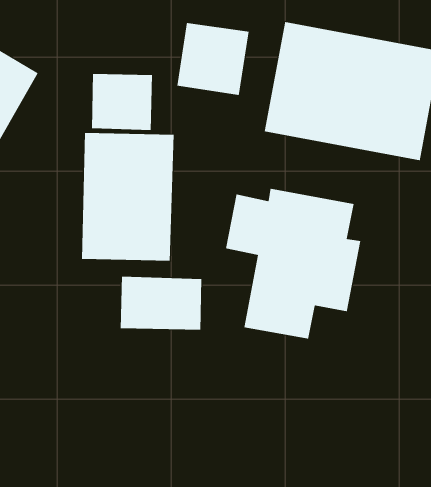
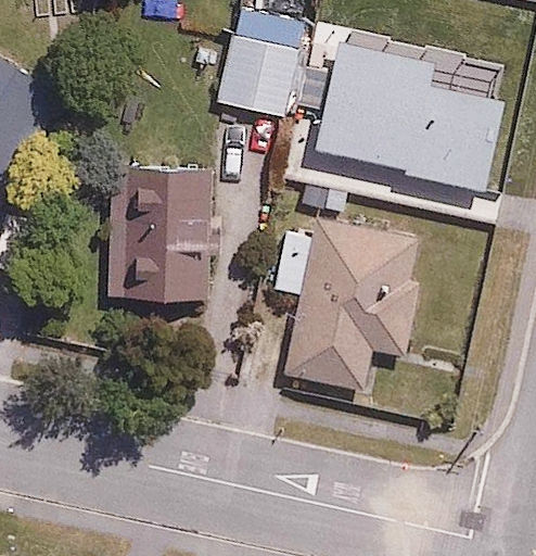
building: [91,73,153,131] -> none
building: [120,276,202,330] -> none

